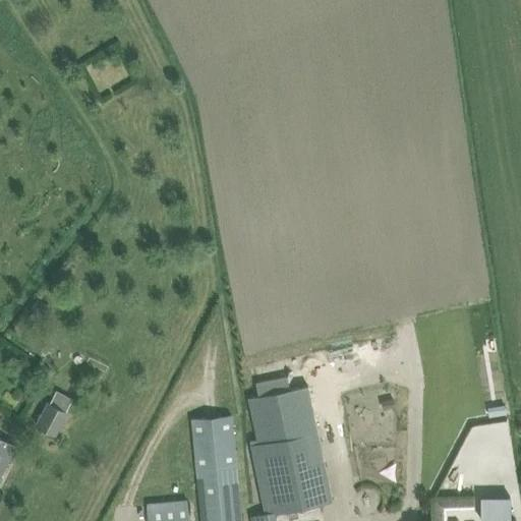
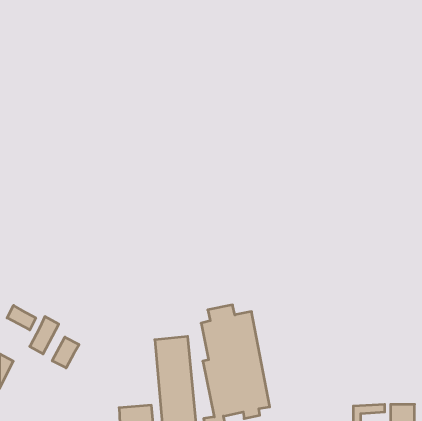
building: none -> [7,305,36,330]
building: none -> [52,337,79,368]

